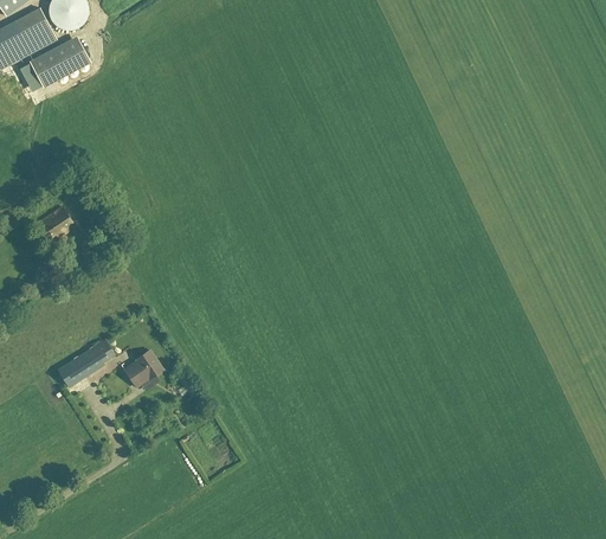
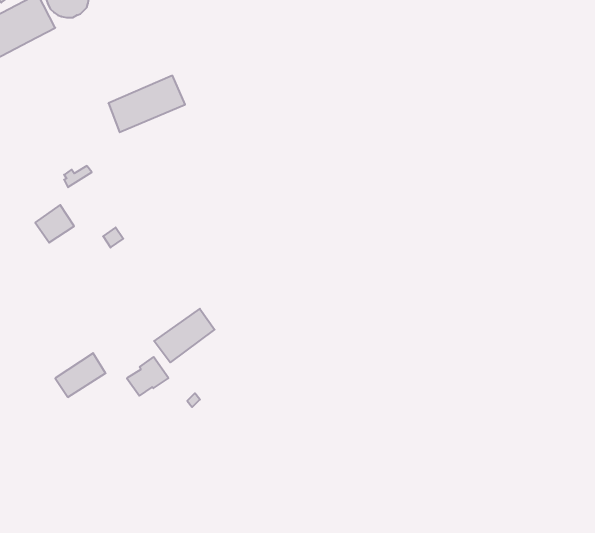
building: [21,38,94,91] -> [108,76,185,132]
building: none -> [154,309,215,362]

